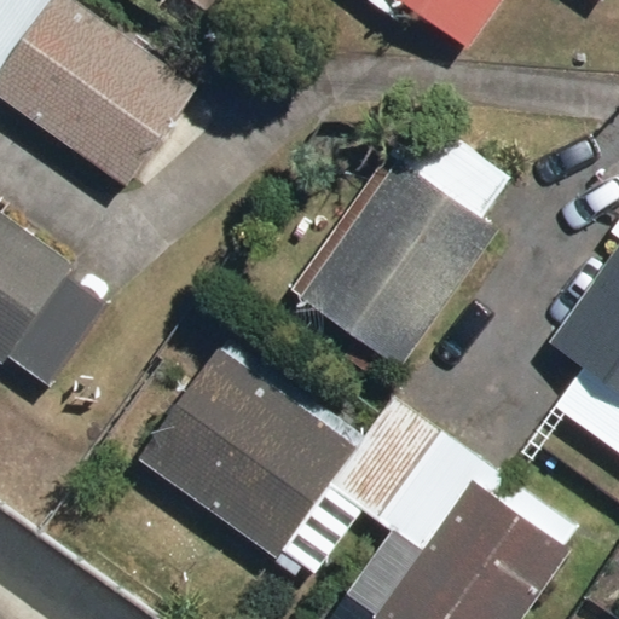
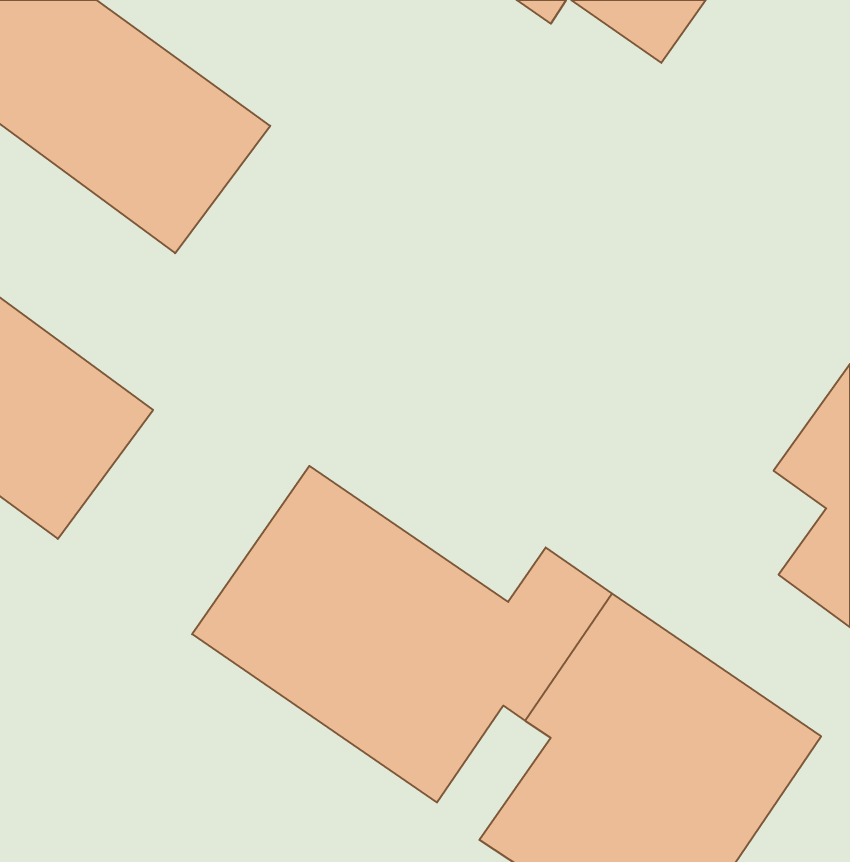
building: [297,157,502,370] -> none

